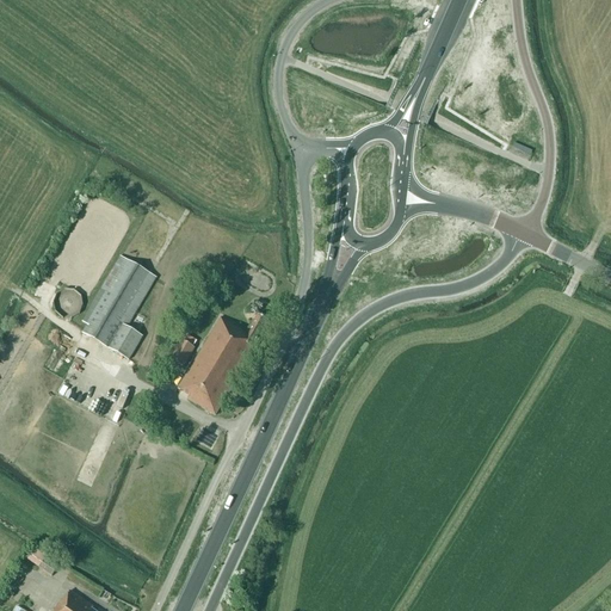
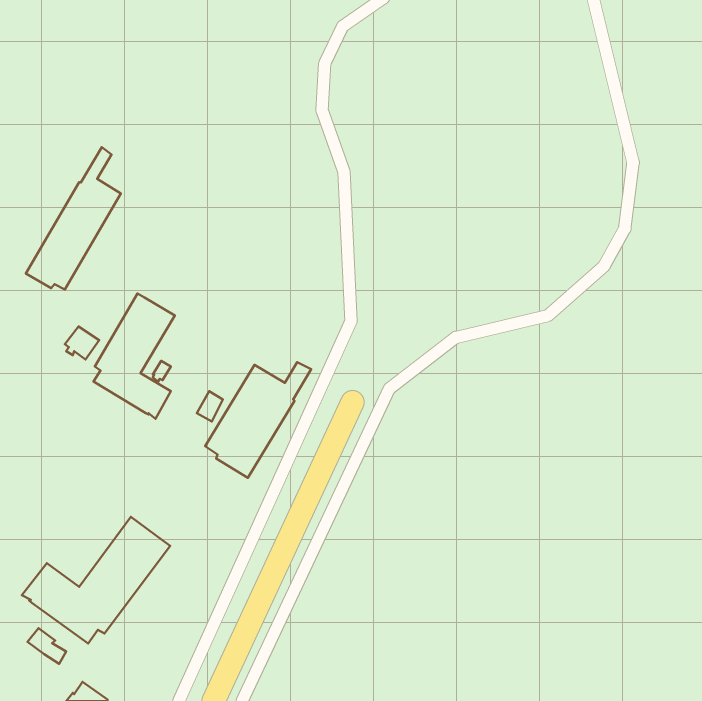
building: none -> [26,147,121,290]
building: none -> [22,517,170,643]

